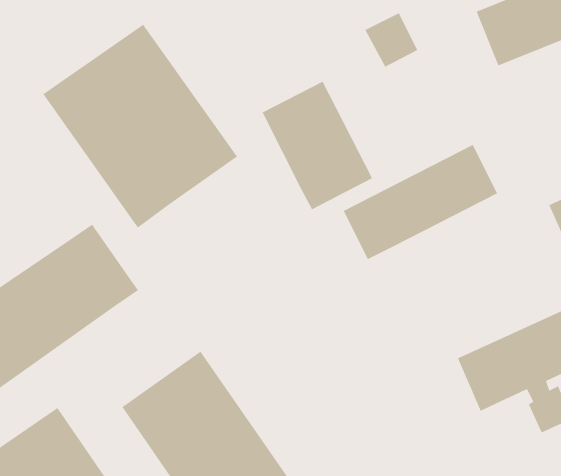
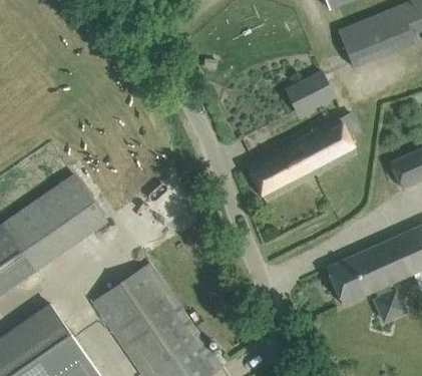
building: [365,12,418,67] -> [298,72,335,110]
building: [42,24,238,229] -> none
building: [262,81,373,210] -> none

